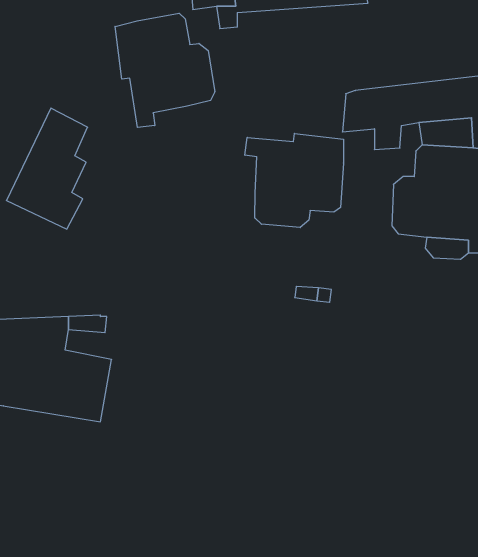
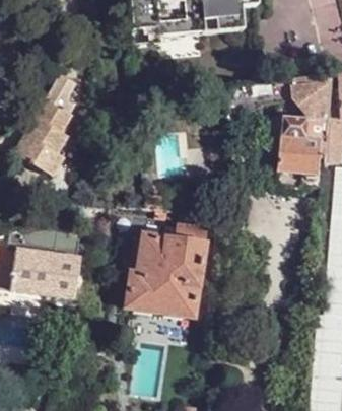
building: [115,13,215,127] -> none
building: [245,133,343,228] -> none
building: none -> [128,225,209,315]

